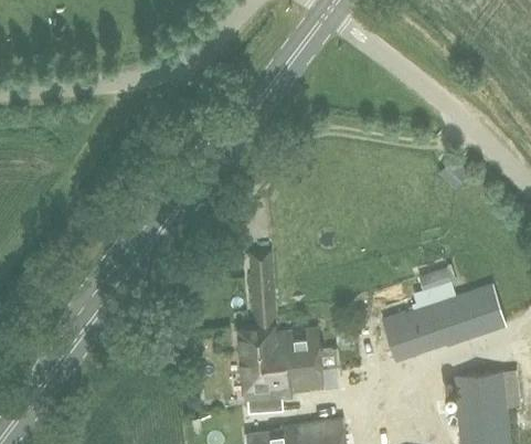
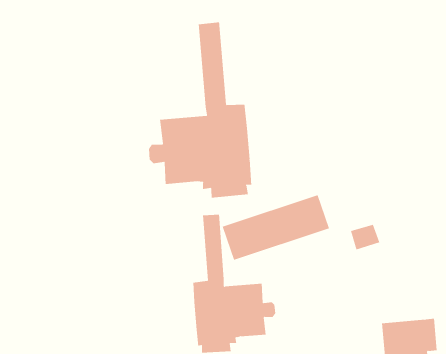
building: none -> [149,22,252,199]
building: [382,285,505,360] -> [222,194,330,260]

